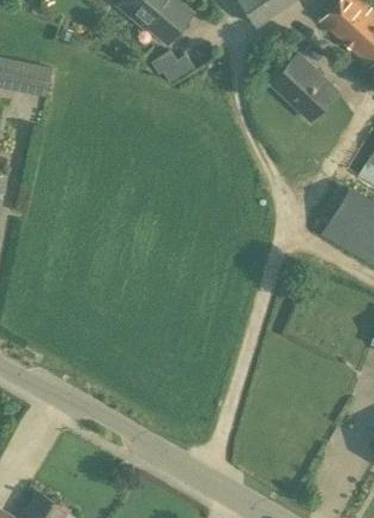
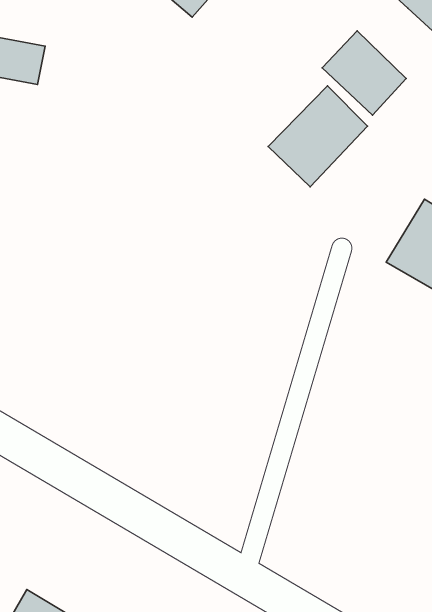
building: [152,49,195,83] -> none
building: none -> [268,86,368,187]

